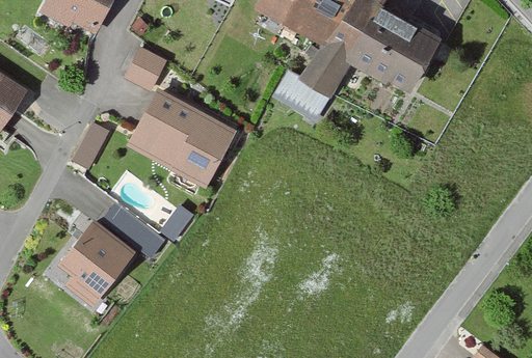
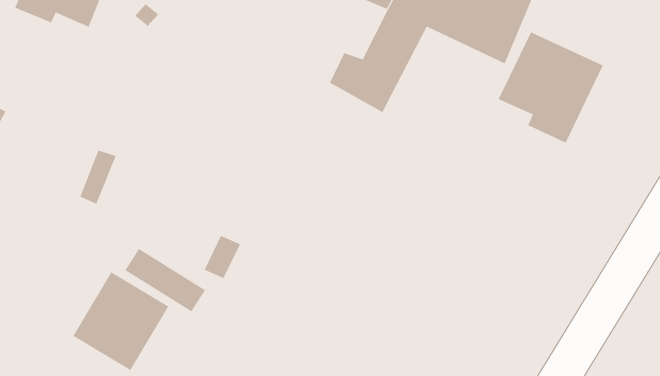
building: [125,49,164,90] -> none
building: none -> [498,32,604,144]
building: [127,88,236,187] -> none

